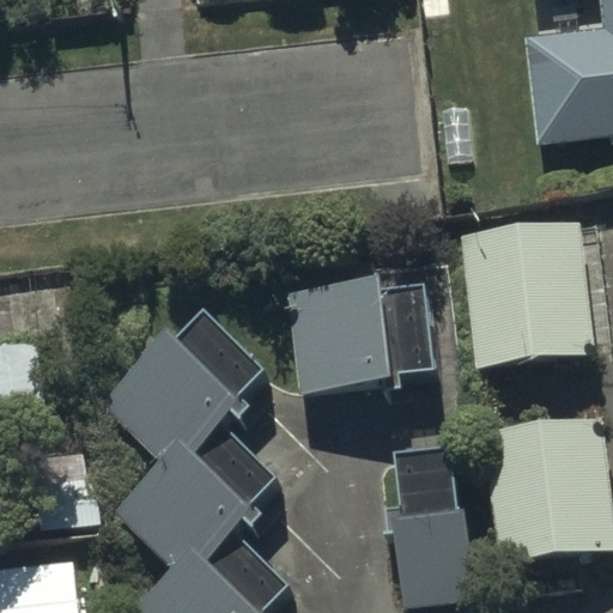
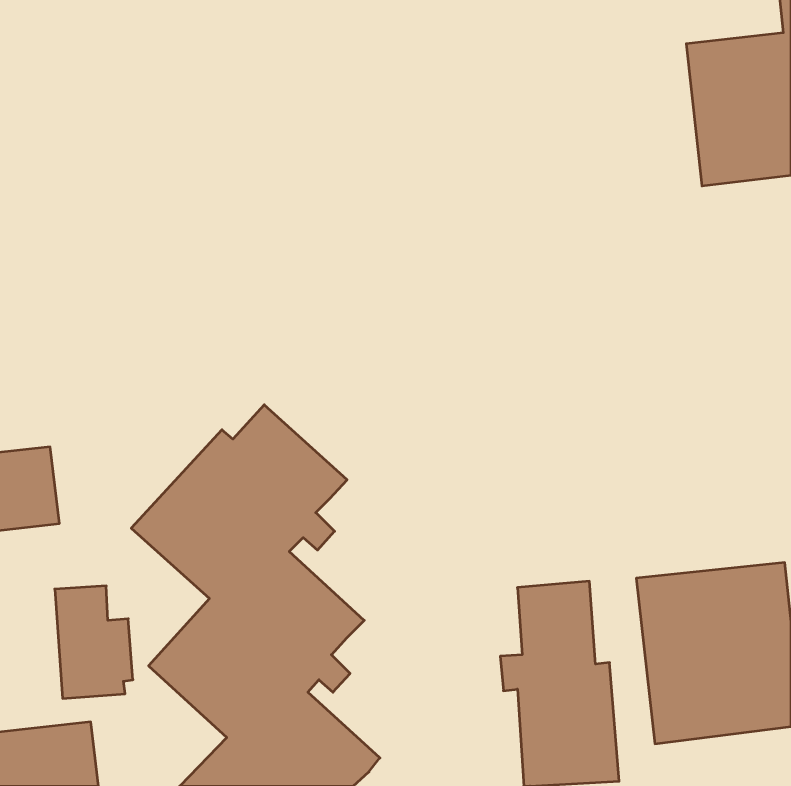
building: [462,235,600,372] -> none
building: [290,280,436,390] -> none

